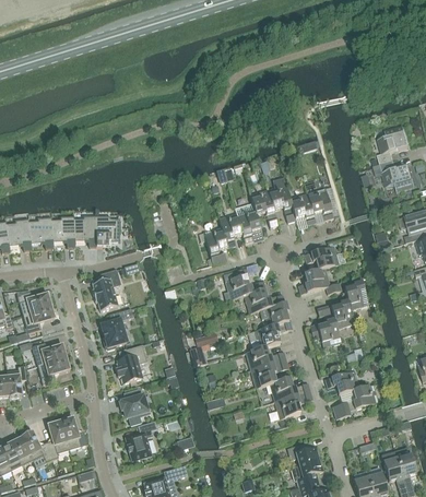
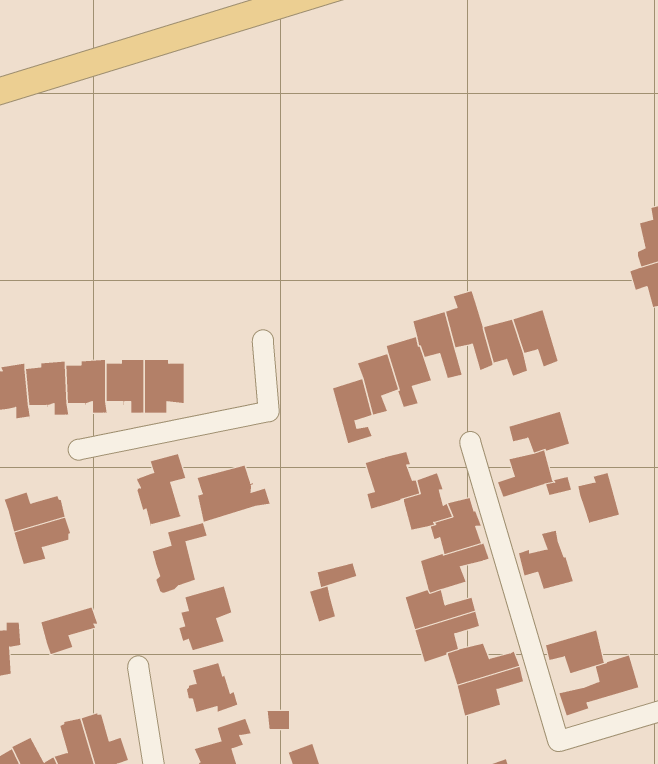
building: none -> [197,465,270,522]
building: [316,299,354,328] -> none
building: [32,342,67,365] -> none

